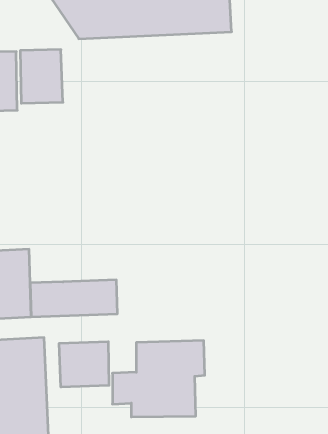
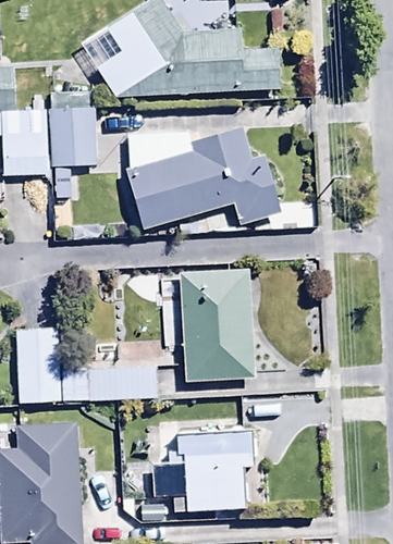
building: none -> [124,128,279,230]
building: none -> [180,271,254,381]
building: [59,342,109,387] -> none

